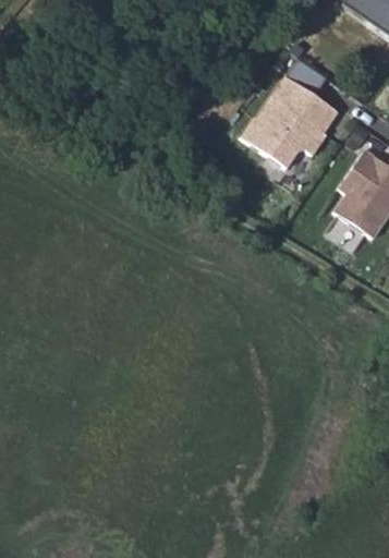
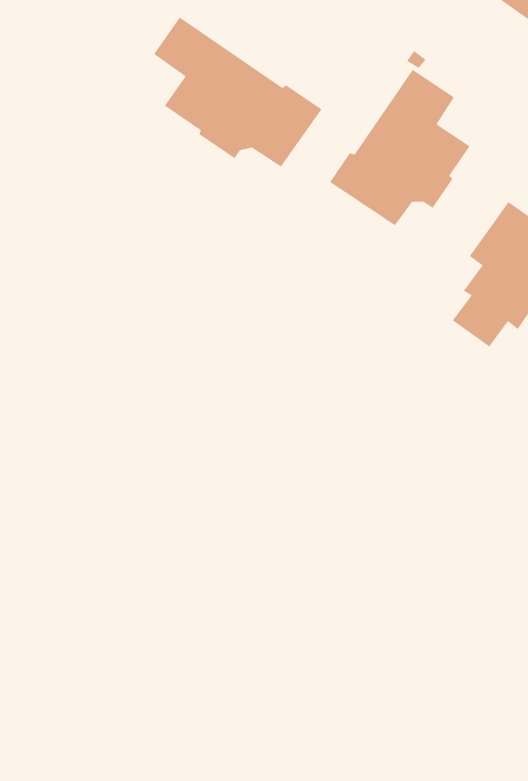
building: none -> [153,17,322,168]

